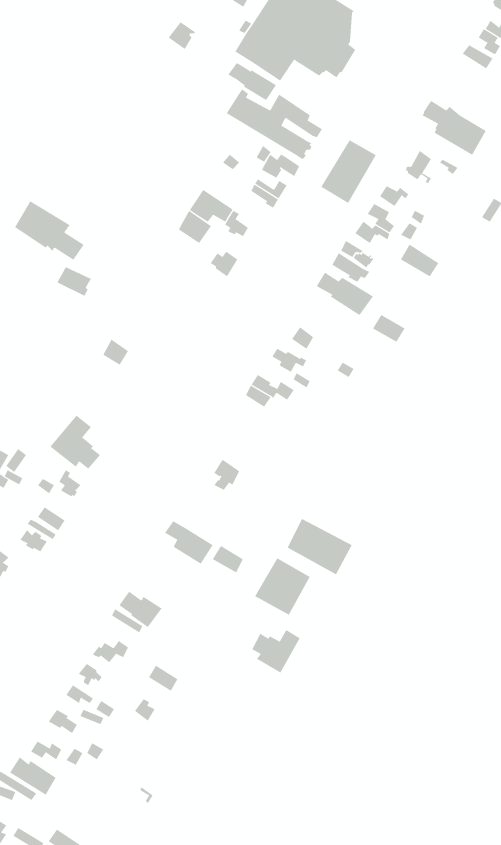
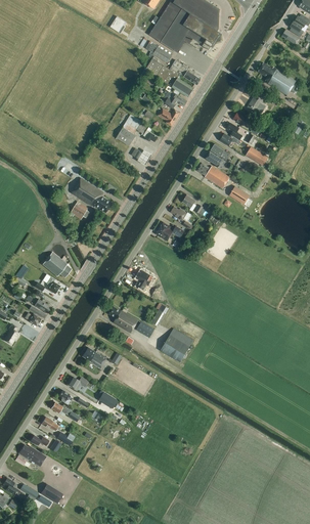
building: [320,140,376,204] -> none
building: [14,201,85,261] -> [72,177,113,212]
building: [287,518,353,575] -> none
building: [252,629,300,673] -> none

